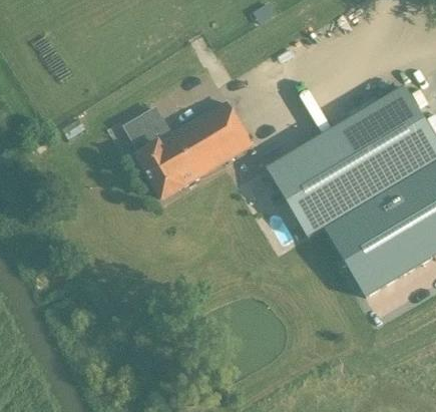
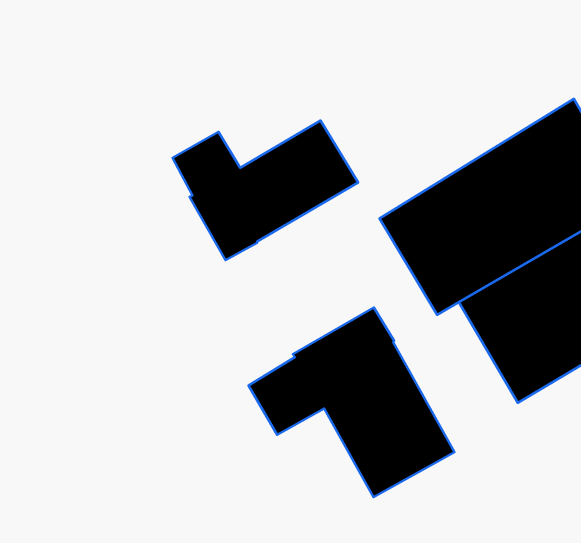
building: none -> [248,307,455,497]

